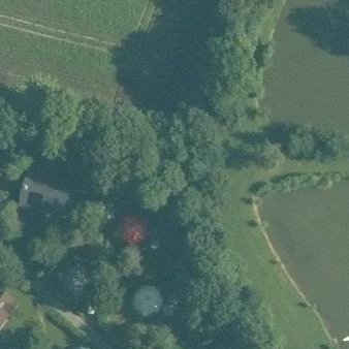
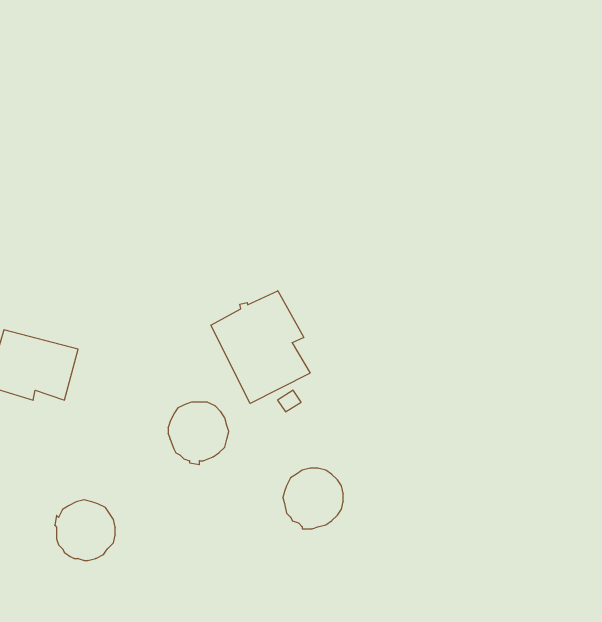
building: none -> [211,291,310,403]
building: [132,284,164,316] -> [283,468,343,529]

